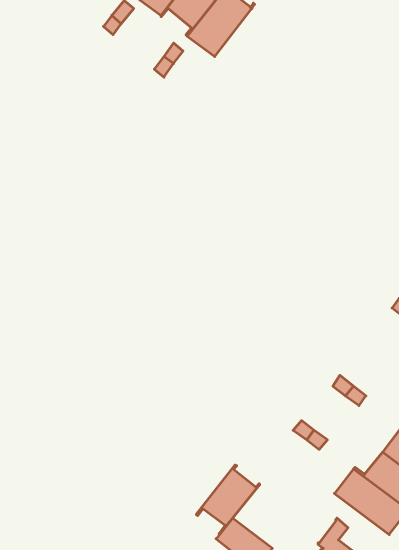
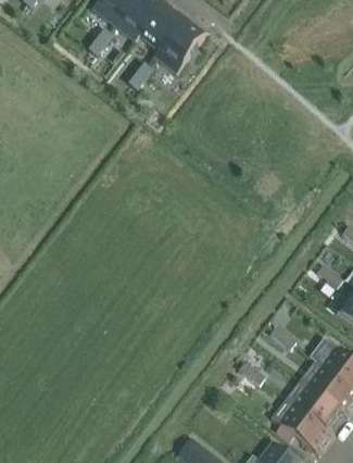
building: [196,465,260,534] -> none

